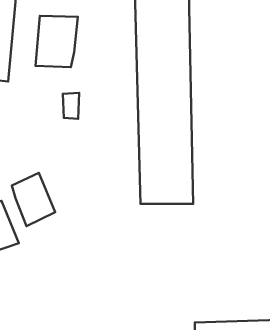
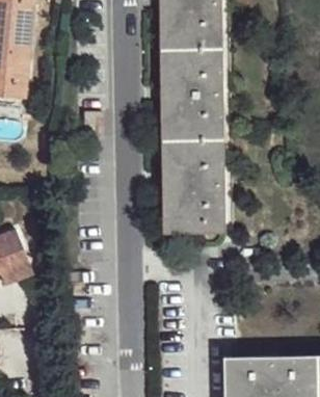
building: [35,16,78,67] -> none
building: [12,173,55,226] -> none

